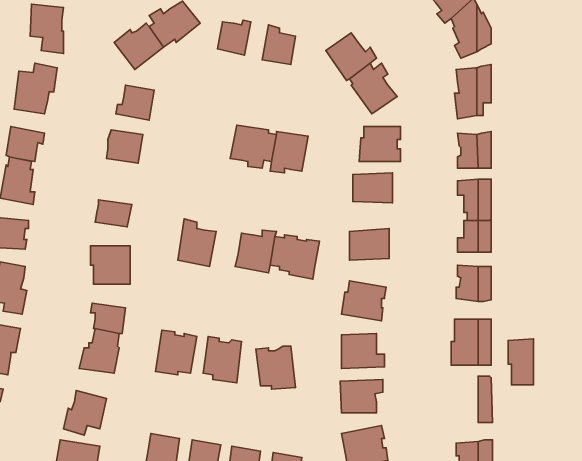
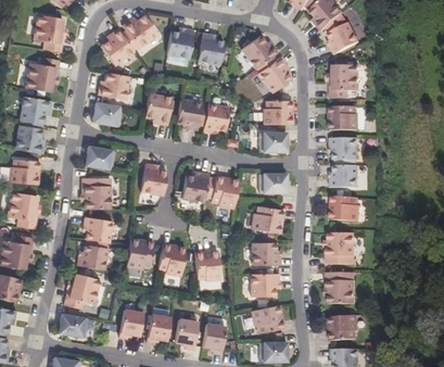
building: none -> [145,93,173,126]
building: [508,339,534,385] -> [329,271,346,303]

